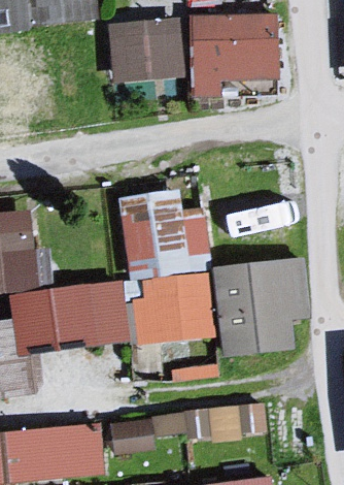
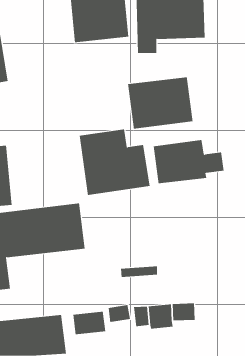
building: none -> [128,77,193,130]
building: [211,256,313,356] -> none
building: [131,273,211,343] -> none

